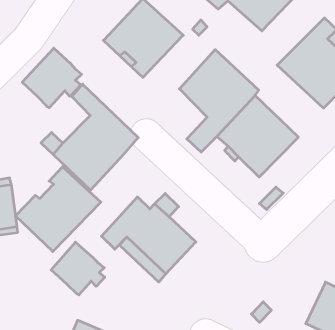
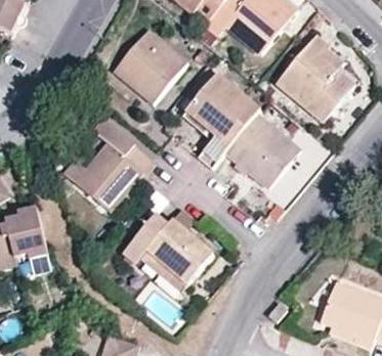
building: [22,48,82,108] -> none
building: [16,167,101,252] -> none
building: [51,242,105,295] -> none

